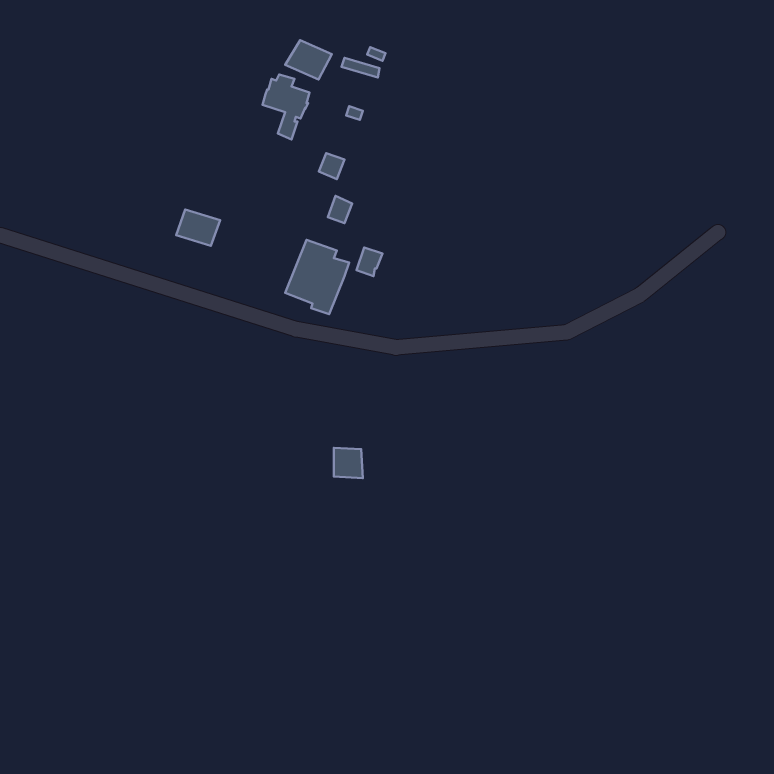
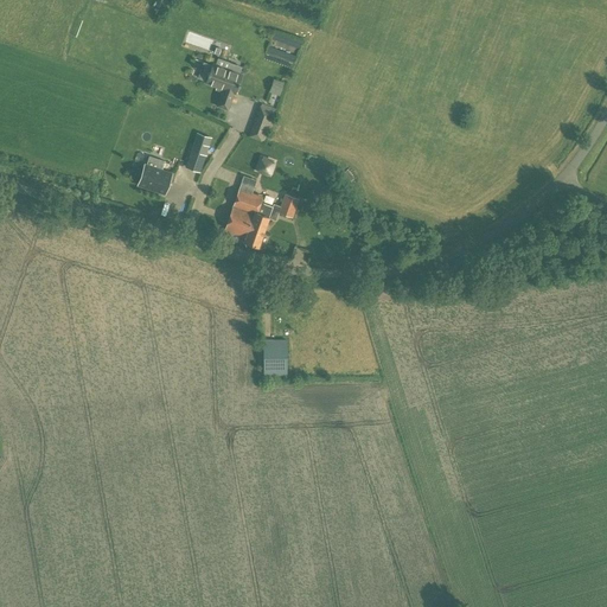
building: [285,40,332,80] -> none
building: none -> [186,130,213,171]

